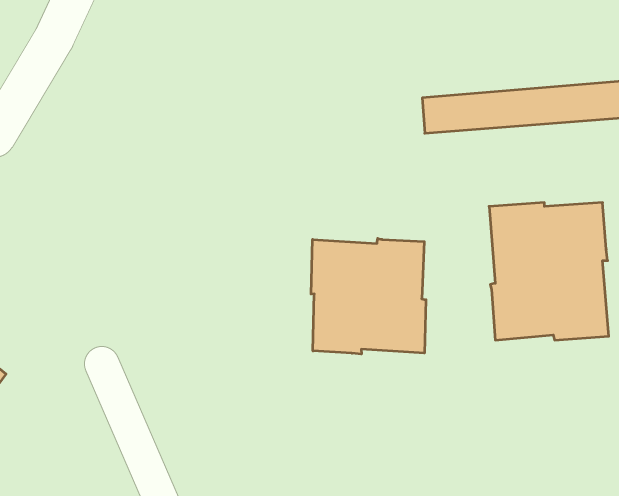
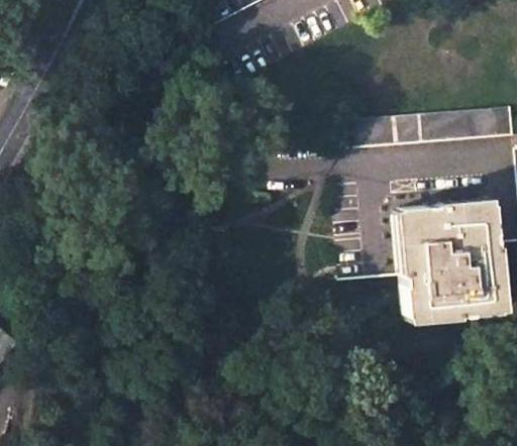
building: [311,238,426,354] -> none

